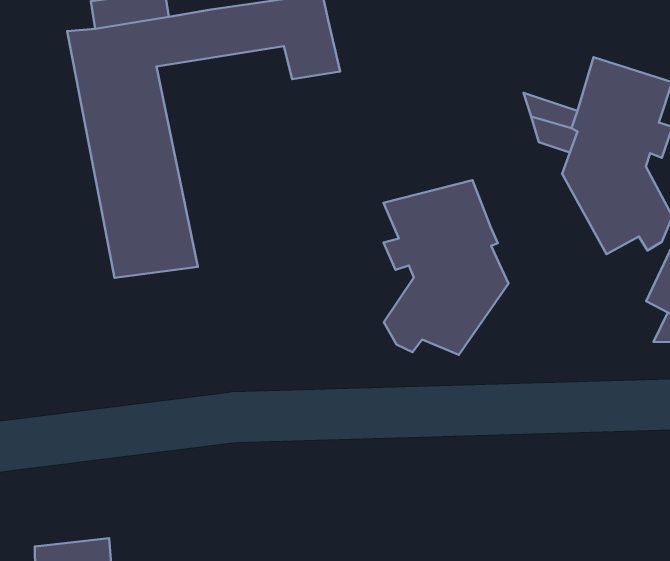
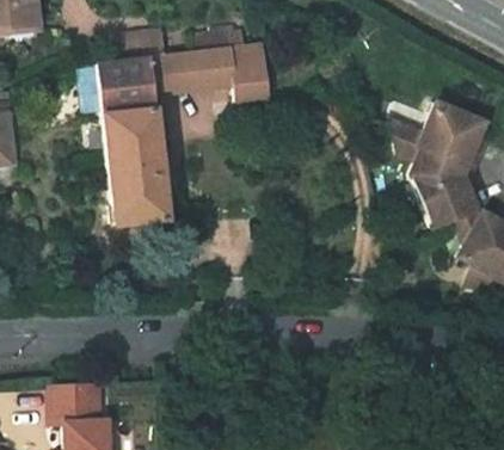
building: [384,180,508,355] -> none

